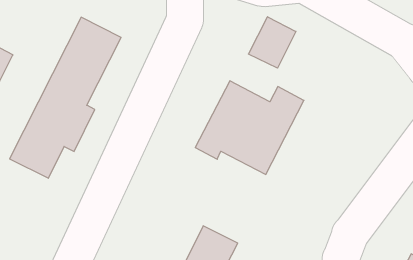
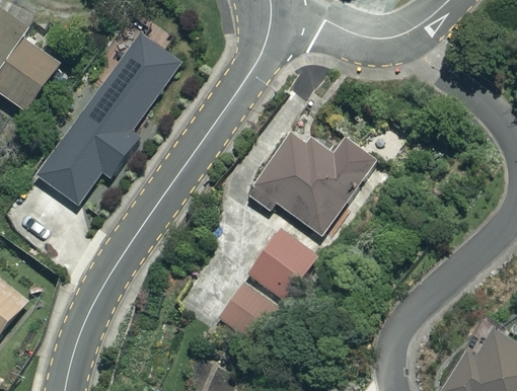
building: [248,17,296,68] -> none
building: none -> [245,229,312,298]

